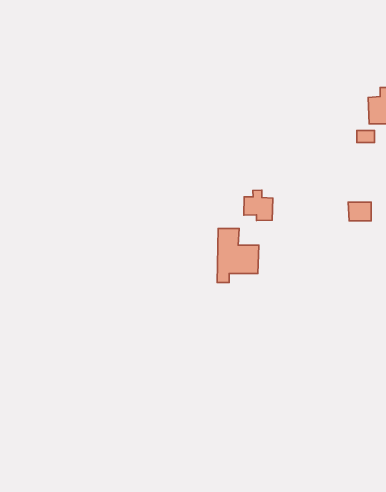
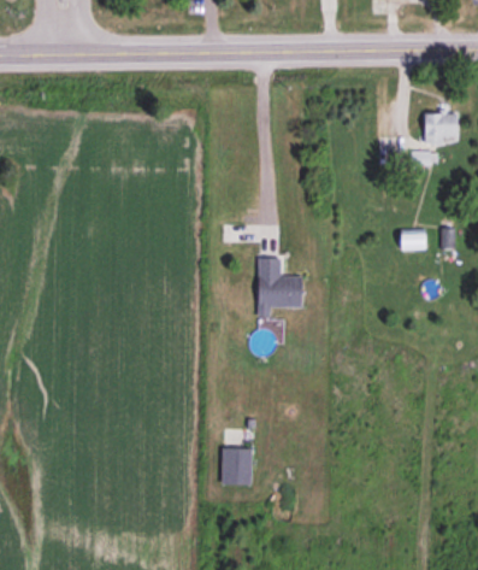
building: [244,190,273,220] -> none
building: none -> [220,448,252,484]

